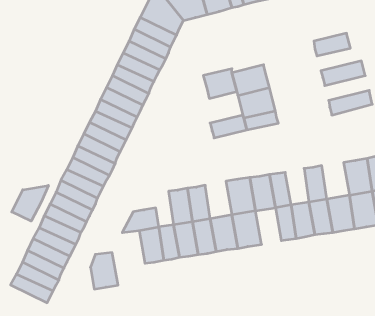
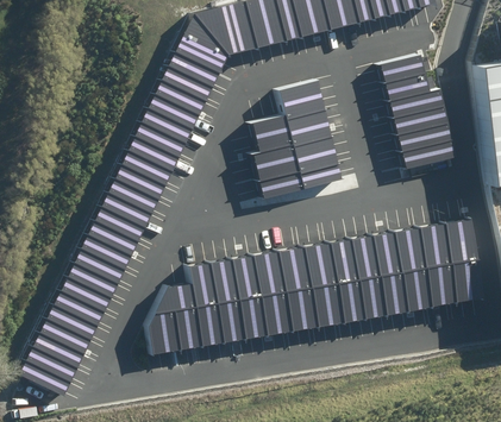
building: none -> [380,53,424,81]
building: none -> [280,81,324,119]
building: none -> [388,87,441,116]
building: none -> [397,122,451,152]
building: none -> [252,141,299,179]
building: none -> [394,227,427,271]
building: none -> [350,234,378,278]
building: none -> [253,250,286,295]
building: [12,185,48,221] -> none
building: none -> [190,262,215,304]
building: none -> [314,282,345,326]
building: [90,253,118,289] -> [148,309,181,353]

